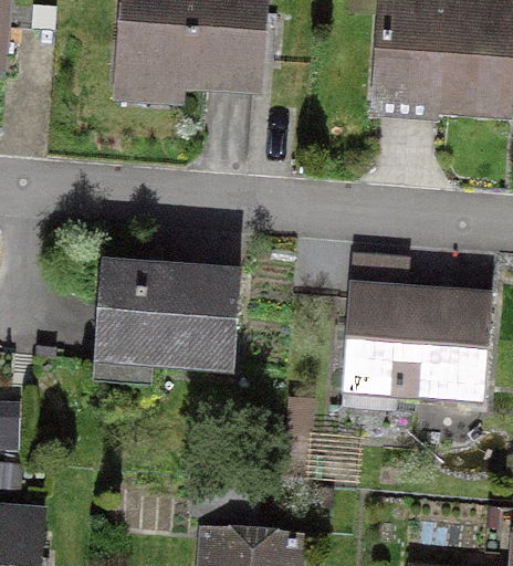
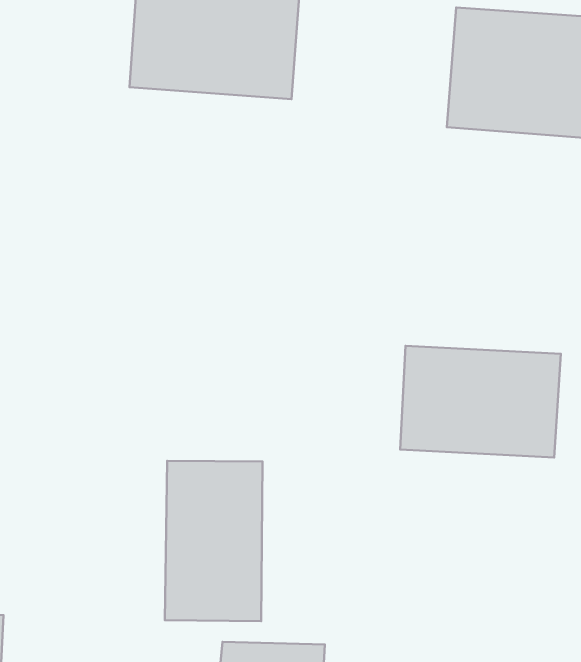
building: [96,264,228,352] -> none
building: none -> [165,461,262,621]

